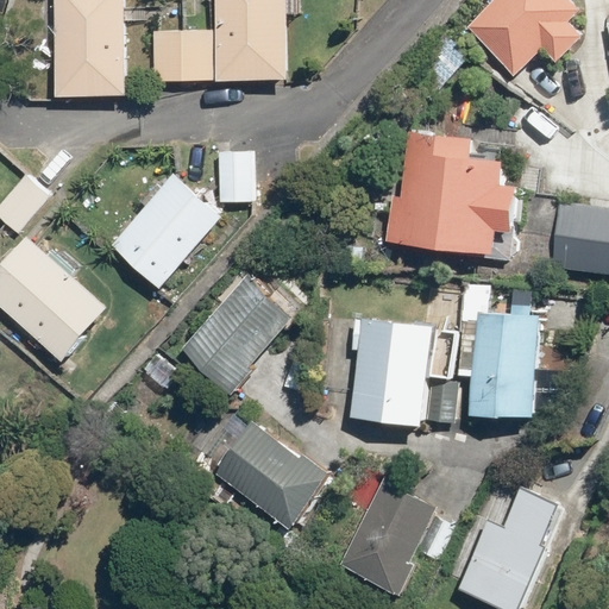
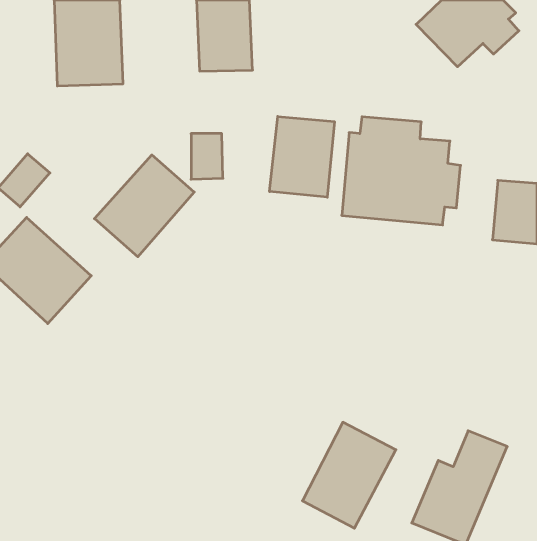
building: [153,30,218,81] -> none
building: none -> [270,116,334,197]
building: [174,275,295,401] -> none
building: [472,310,540,416] -> none
building: [350,316,434,426] -> none
building: [212,417,331,529] -> none

